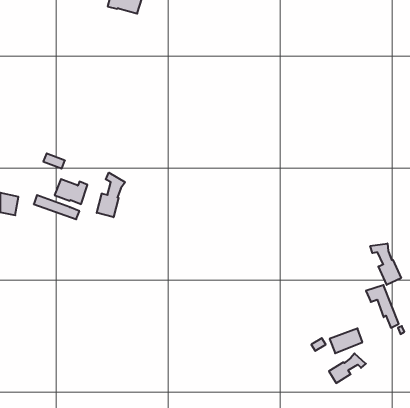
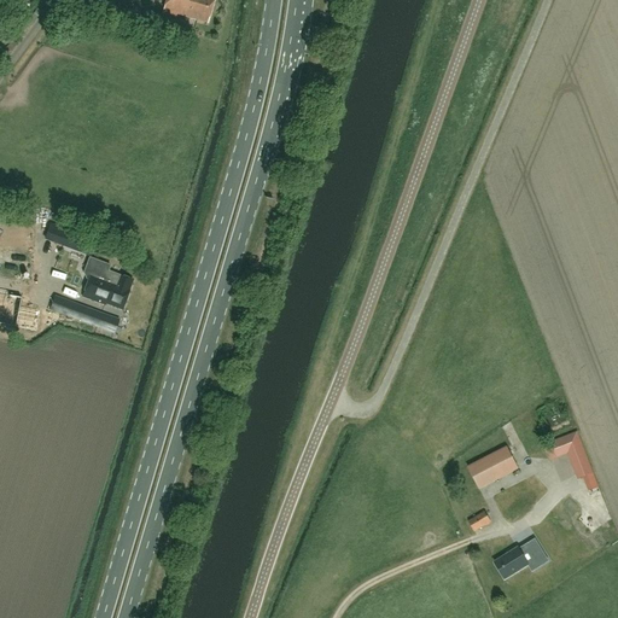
building: [97,173,125,217] -> none
building: [370,243,401,285] -> none
building: [330,328,362,353] -> [466,450,515,488]

